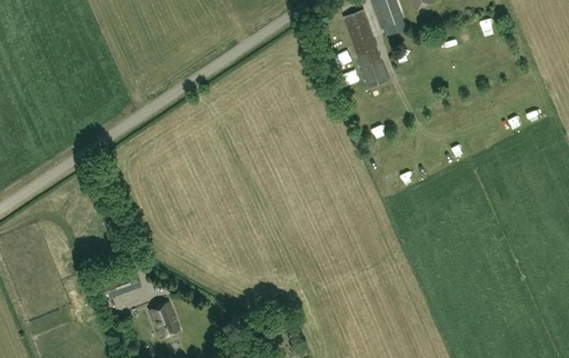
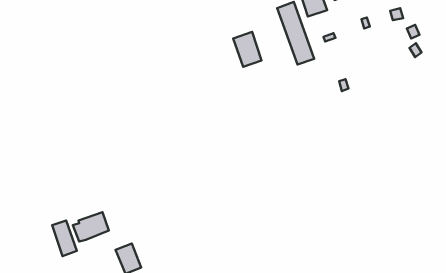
building: none -> [233,32,261,67]
building: none -> [52,221,77,256]

